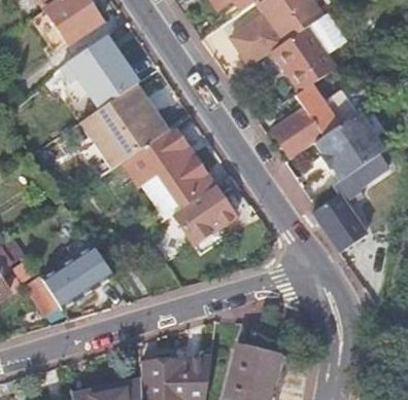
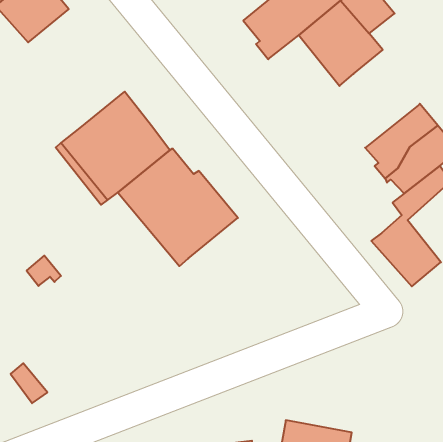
building: [68,34,141,109] -> none
building: [272,85,359,158] -> none
building: [174,187,236,245] -> none
building: [41,246,112,310] -> none

